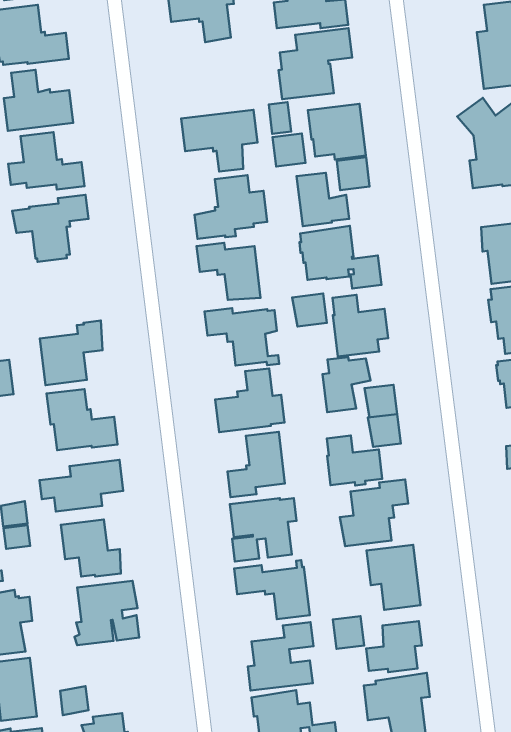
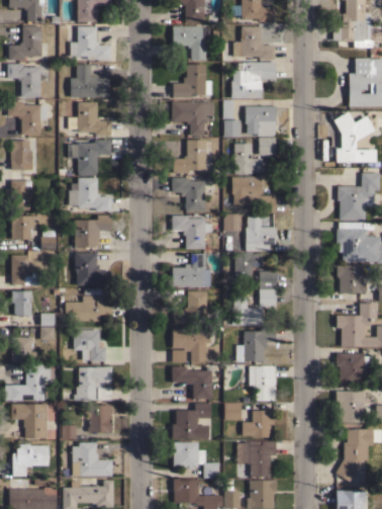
building: none -> [173,64,212,98]
building: none -> [69,177,111,210]
building: none -> [88,405,111,433]

